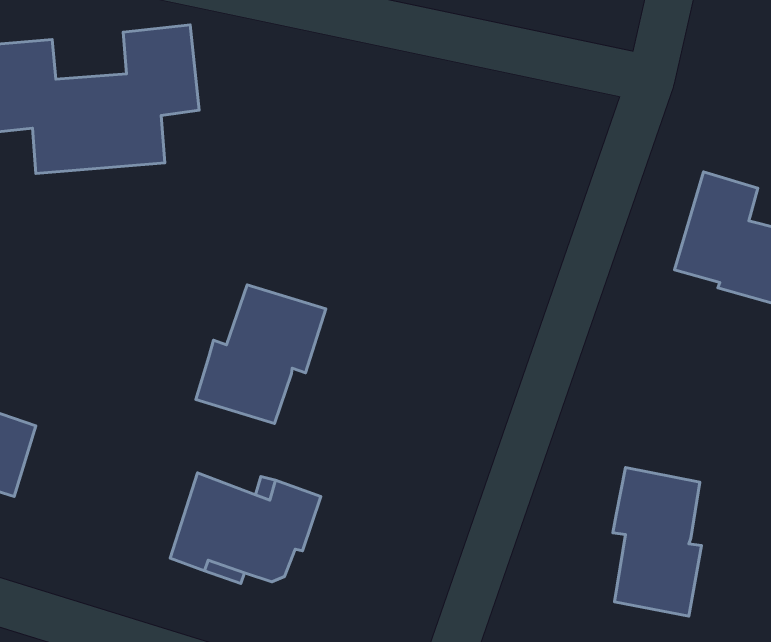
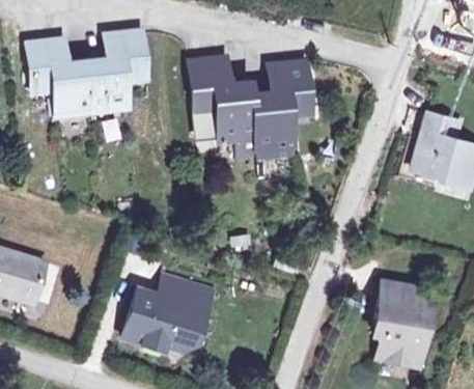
building: none -> [186,58,309,161]
building: [196,285,326,424] -> none

